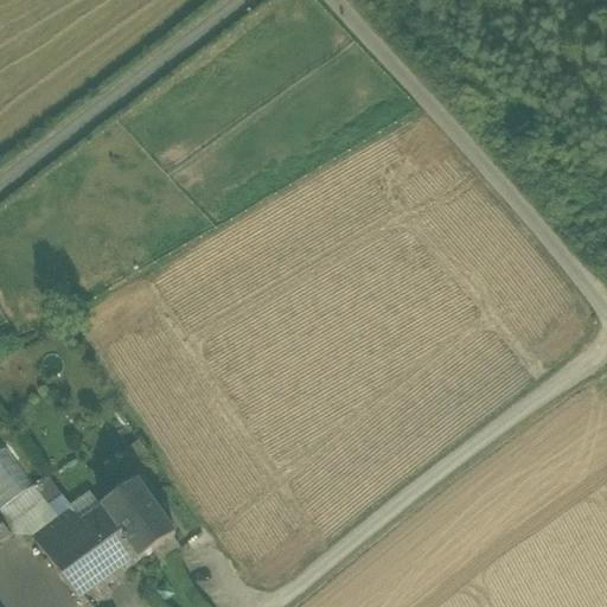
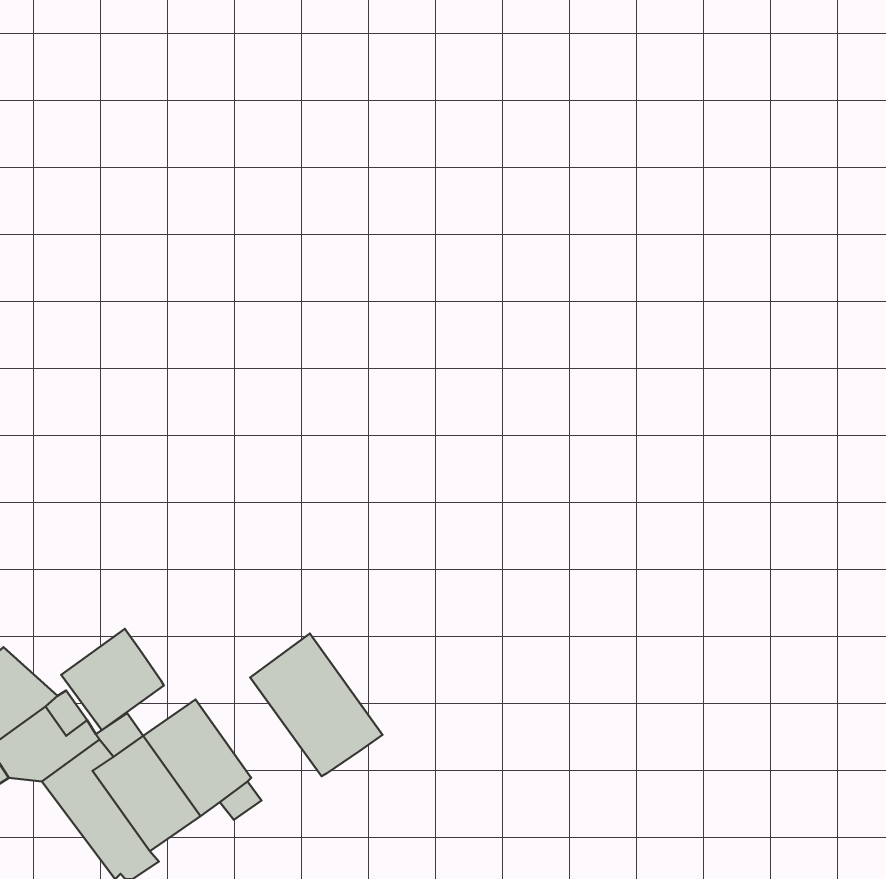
building: none -> [61,629,164,730]
building: none -> [250,634,382,776]

